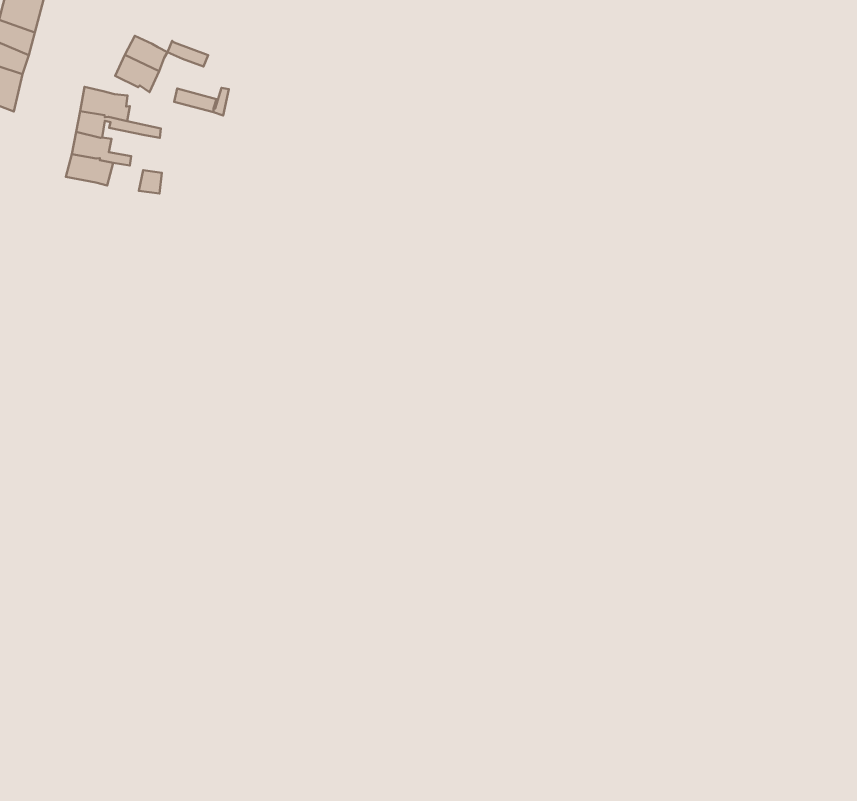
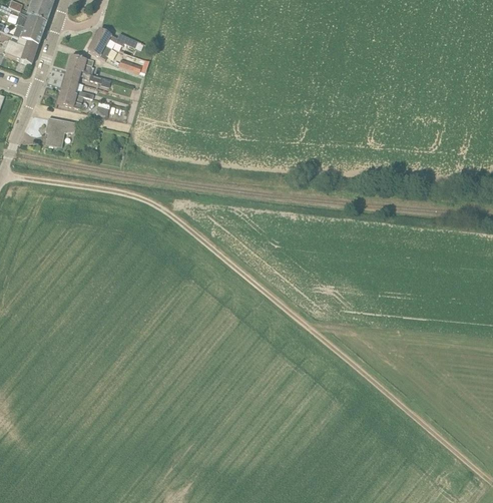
building: none -> [45,117,76,147]

